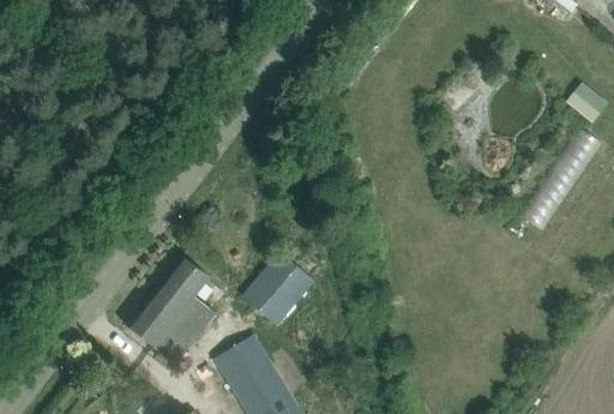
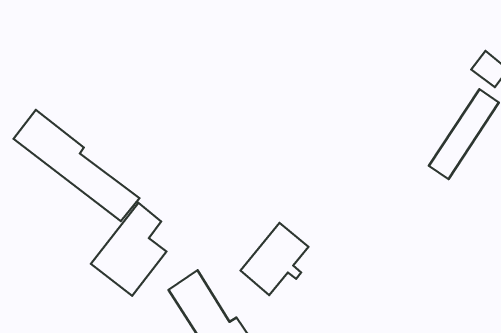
building: none -> [13,110,140,221]
building: [242,244,321,328] -> [240,223,309,295]

